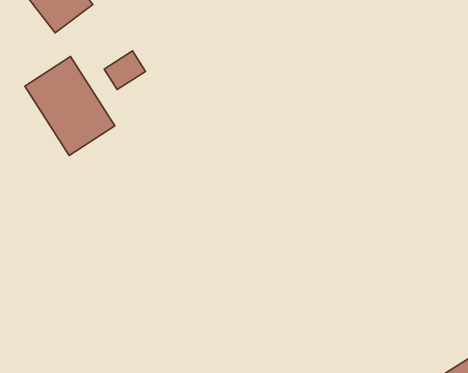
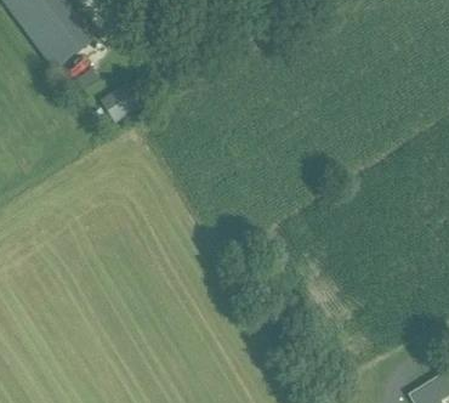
building: [25,57,115,155] -> none

